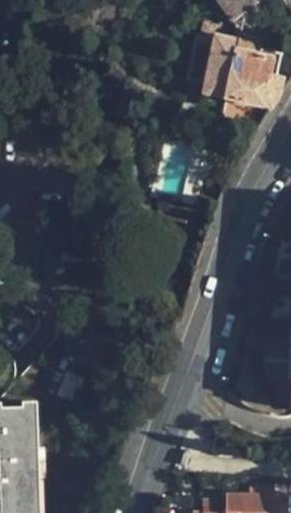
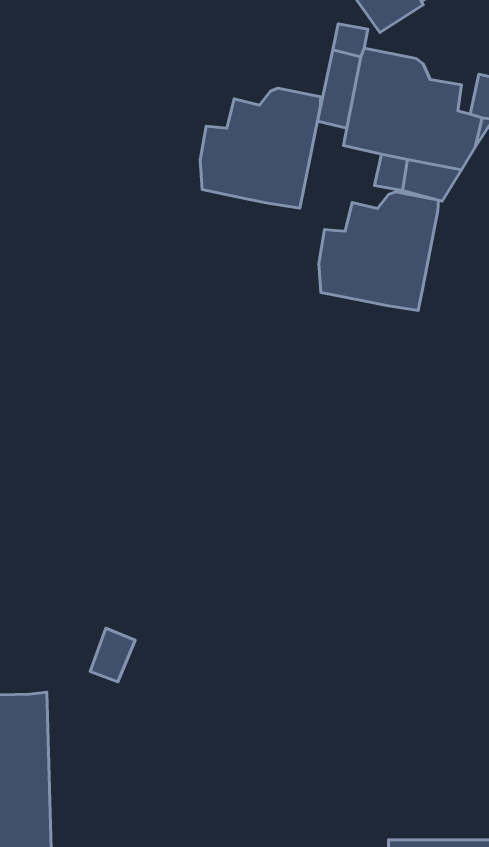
building: none -> [200,88,321,208]
building: none -> [319,192,439,310]

